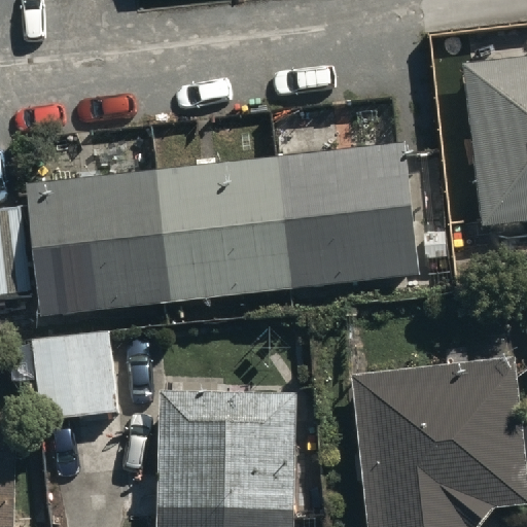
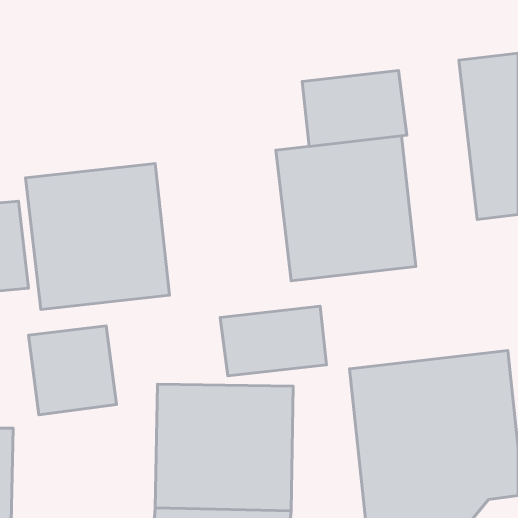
building: none -> [302,71,407,146]
building: [156,155,293,302] -> none
building: none -> [220,306,326,376]

